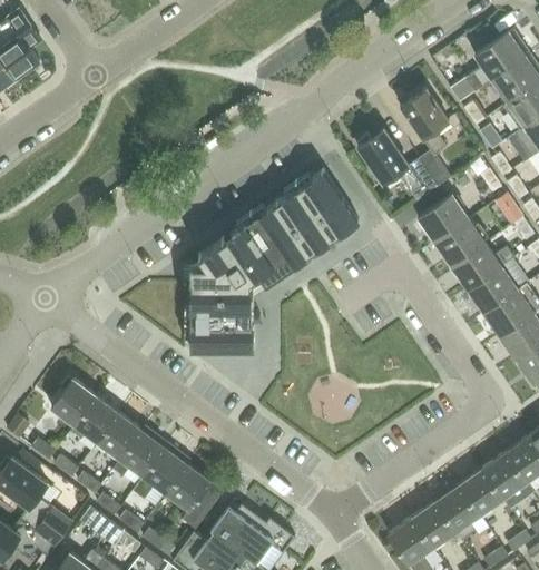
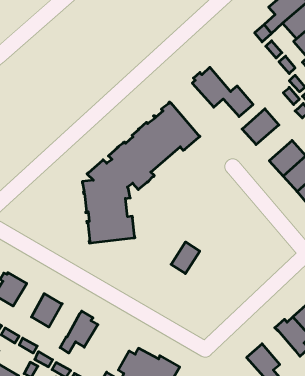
building: [400,89,450,187] -> none
building: [434,219,484,267] -> none
building: none -> [171,242,200,274]
building: [70,397,119,444] -> none
building: [114,428,165,478] -> none
building: [166,465,215,530] -> none
building: [411,501,455,549] -> none

